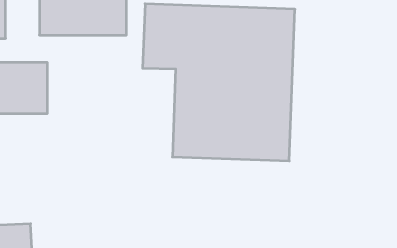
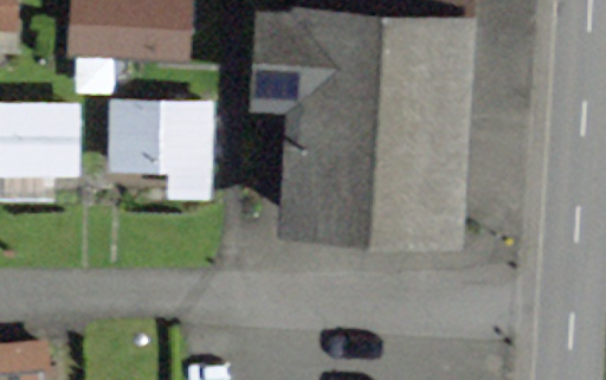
building: none -> [110,97,214,200]

